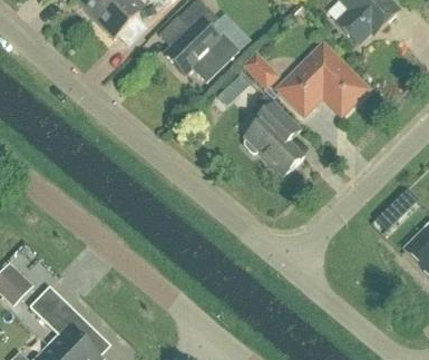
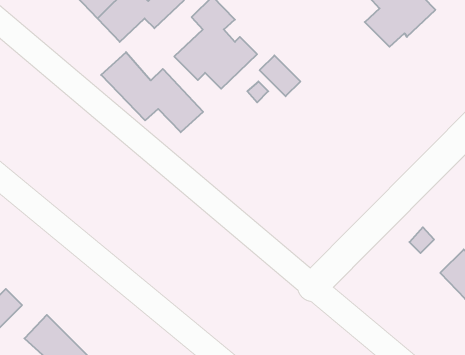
building: [279,45,367,114] -> none
building: none -> [101,52,203,132]
building: [244,94,303,176] -> none

